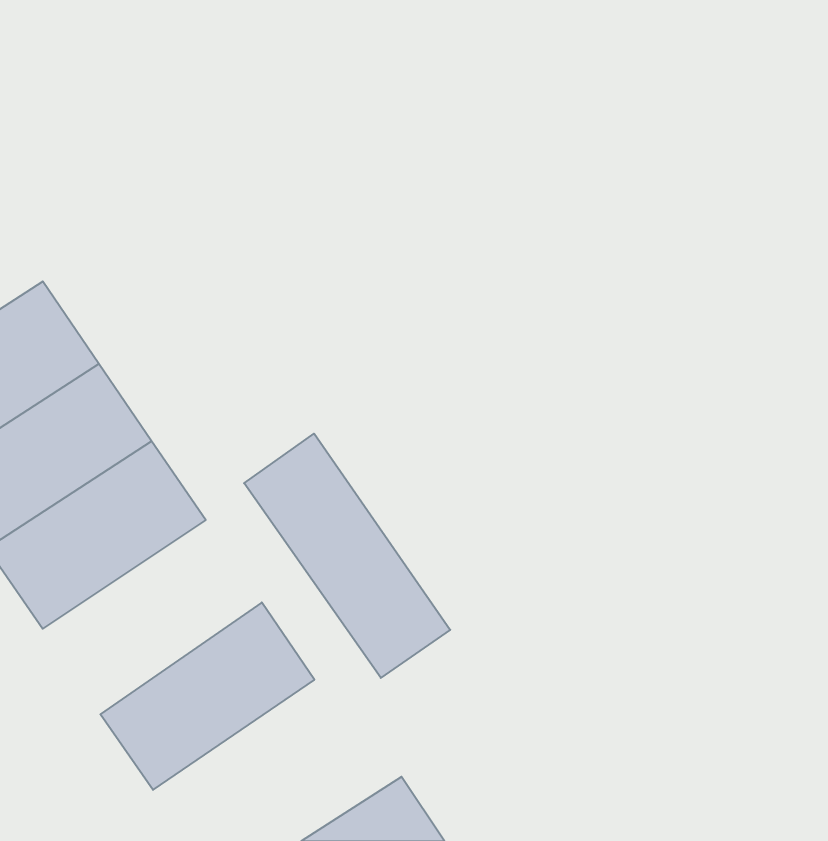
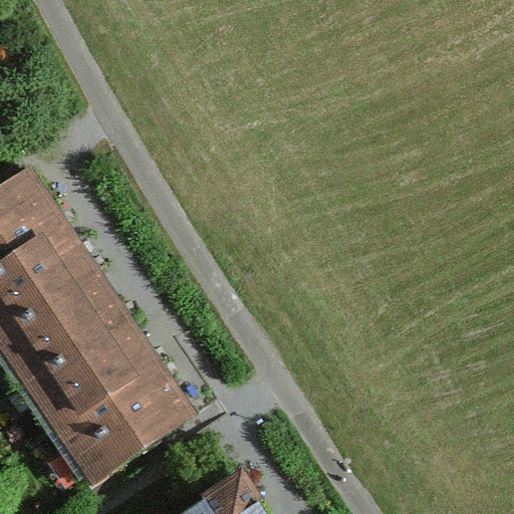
building: [244,434,450,678] -> none
building: none -> [26,317,160,436]

